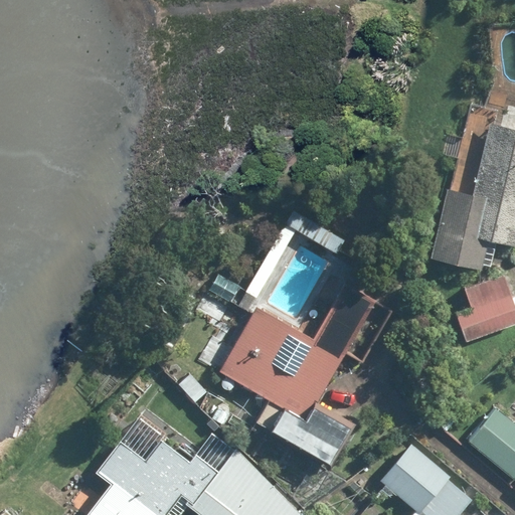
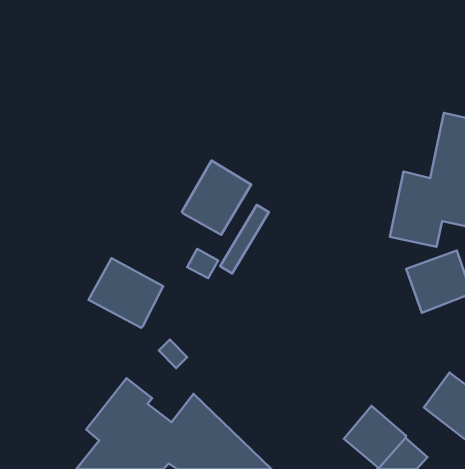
building: none -> [182,161,251,235]
building: none -> [88,258,163,328]
building: [220,285,374,467] -> none

